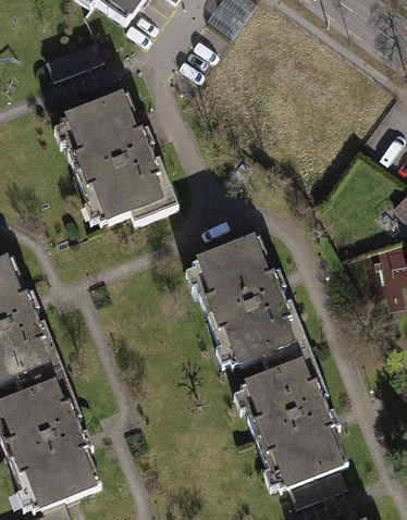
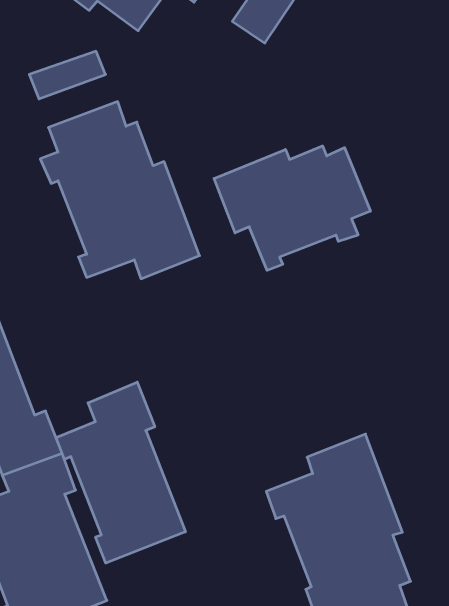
building: none -> [214,146,370,270]
building: [184,244,311,369] -> none
building: none -> [56,382,185,563]

